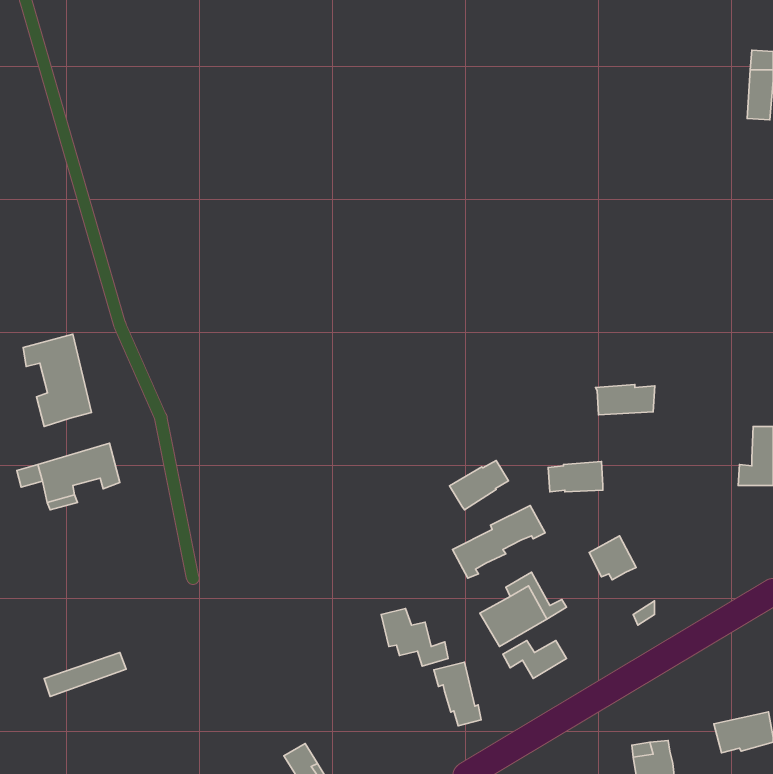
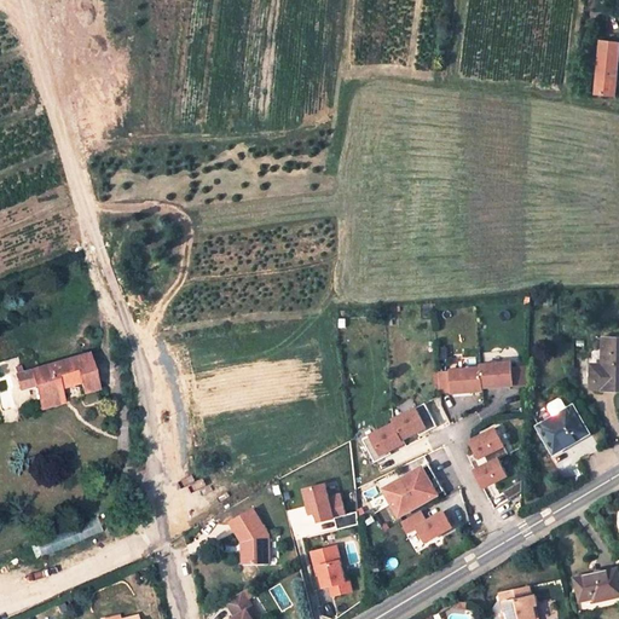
building: [23,334,91,426] -> none
building: [596,384,655,415] -> [478,364,525,388]
building: [449,461,509,510] -> none
building: none -> [537,407,586,452]
building: none -> [473,457,508,490]
building: none -> [230,511,268,563]
building: [434,662,481,726] -> [313,546,351,597]

